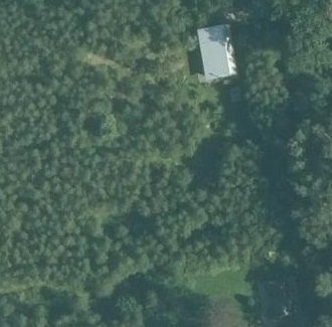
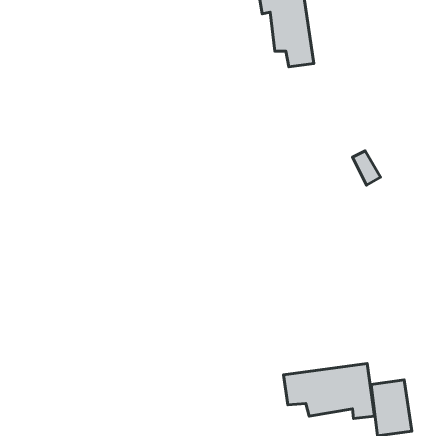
building: none -> [283,363,375,418]

